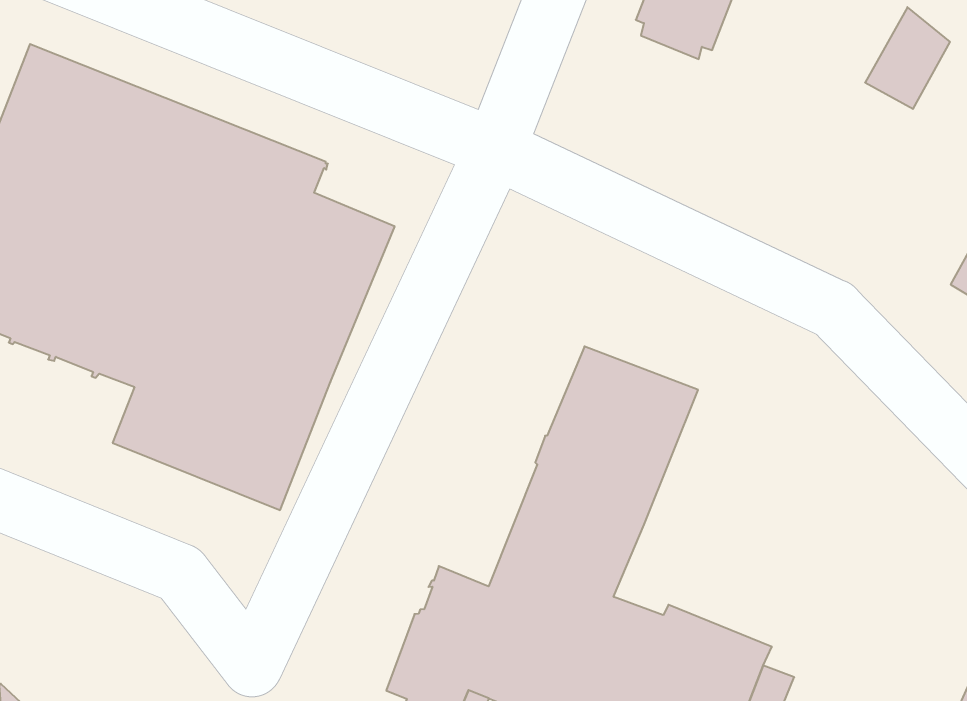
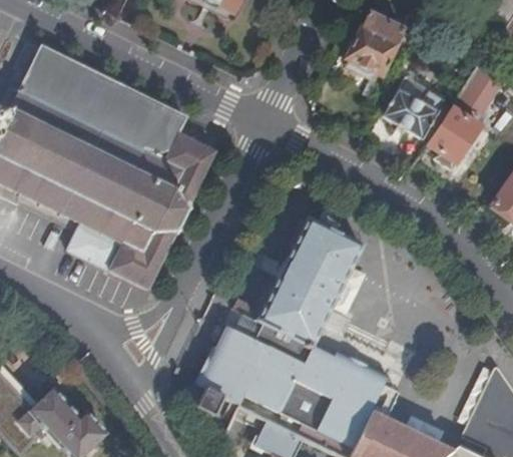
building: none -> [384,90,437,137]
building: none -> [428,106,482,162]

